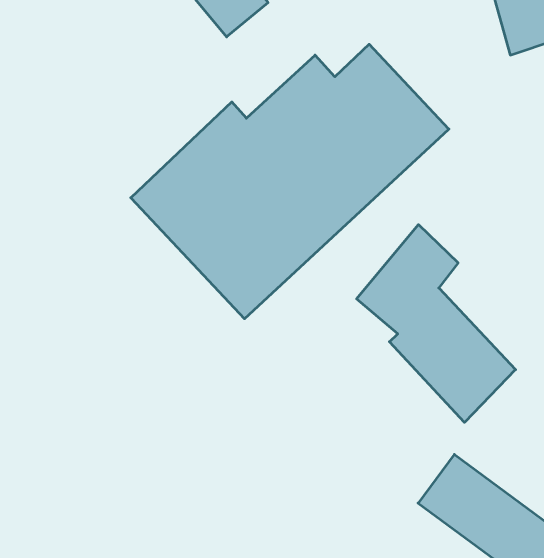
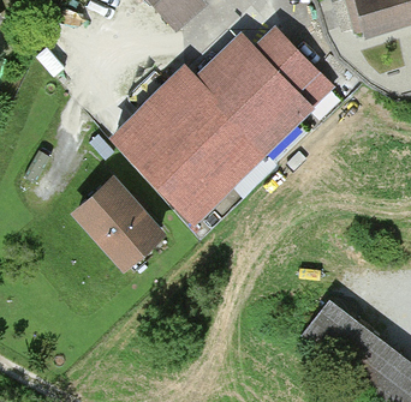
building: [357,225,516,422] -> none
building: none -> [77,185,162,270]

